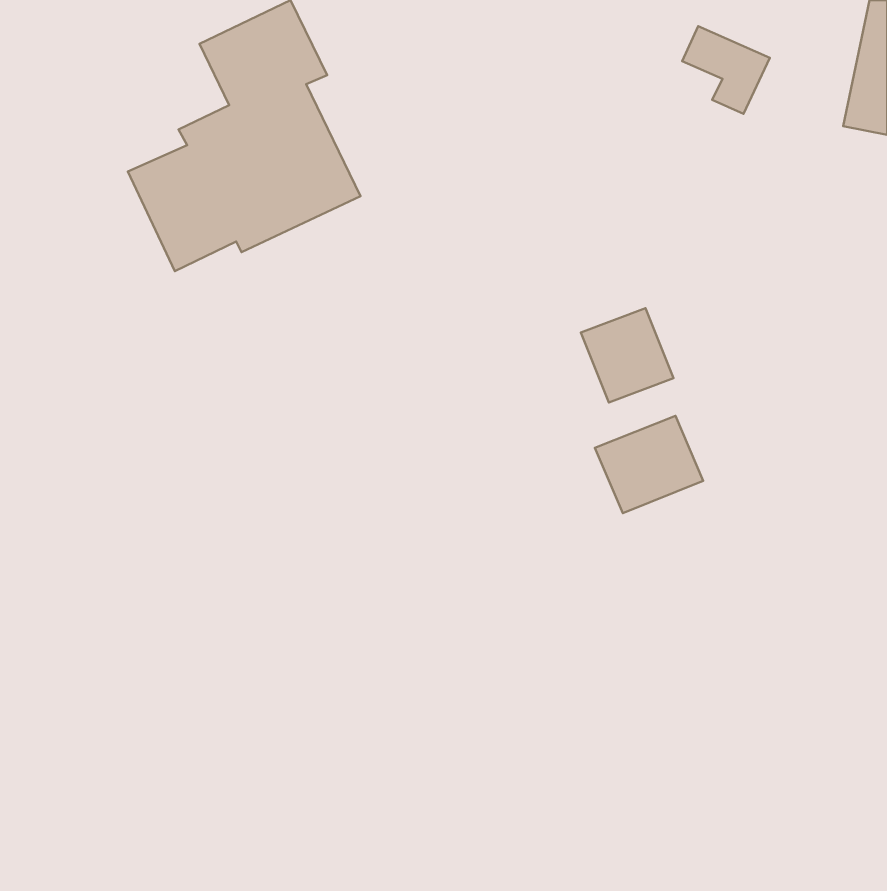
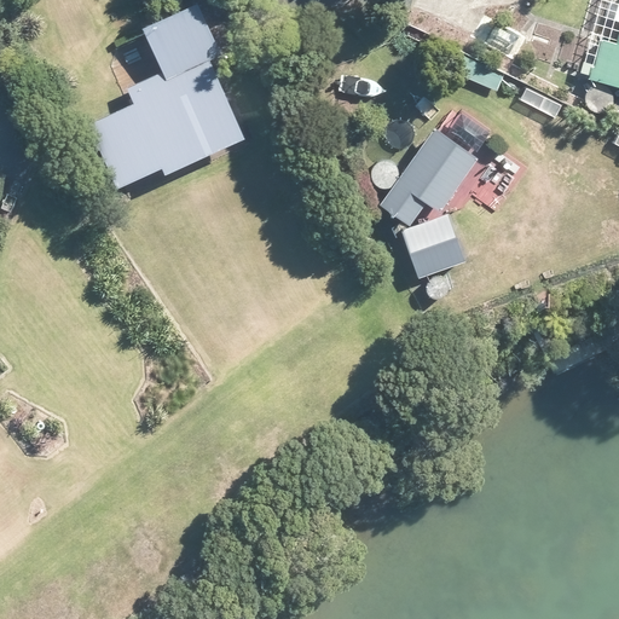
building: none -> [380,122,480,225]
building: [595,416,703,513] -> none

